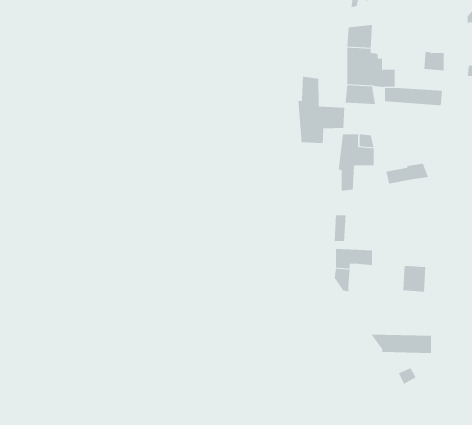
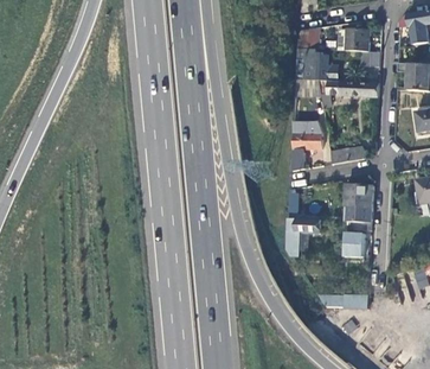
building: none -> [340,28,368,52]
building: [298,76,345,144] -> none
building: none -> [345,184,373,223]

